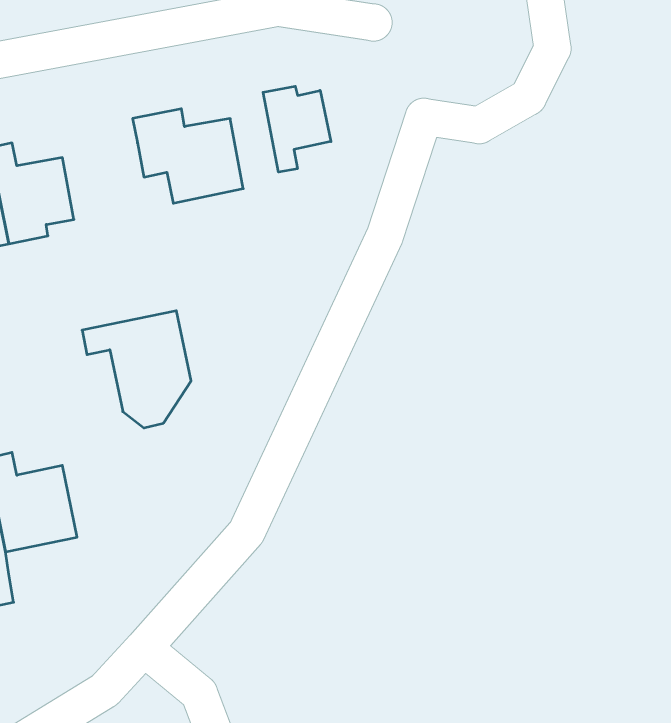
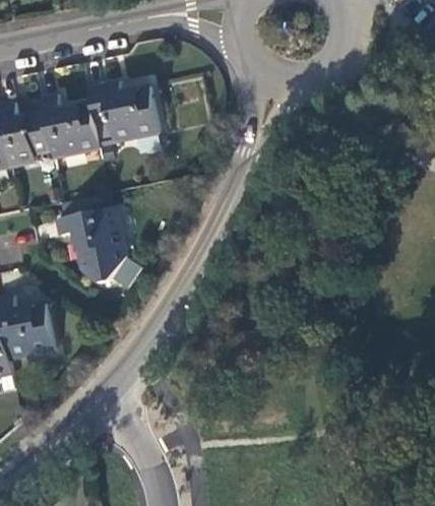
building: [263,86,331,172] -> none
building: none -> [44,96,103,157]

